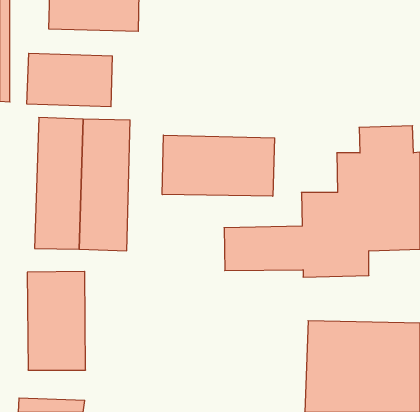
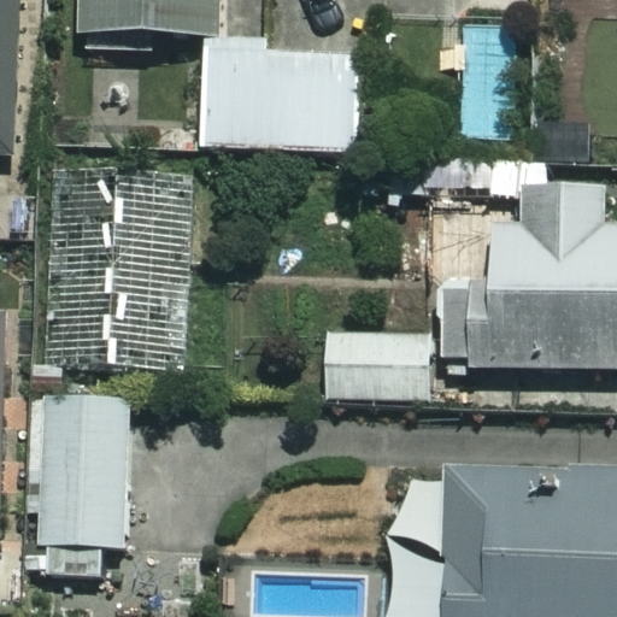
building: none -> [204,48,362,148]
building: [27,53,112,107] -> none
building: [162,135,275,196] -> none

